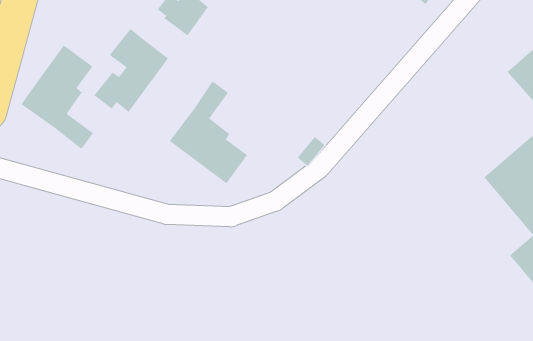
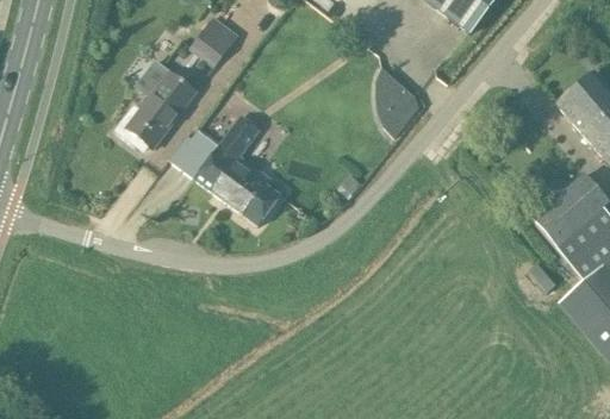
building: none -> [373,65,418,137]
building: [21,44,94,150] -> none
building: none -> [170,127,222,179]

